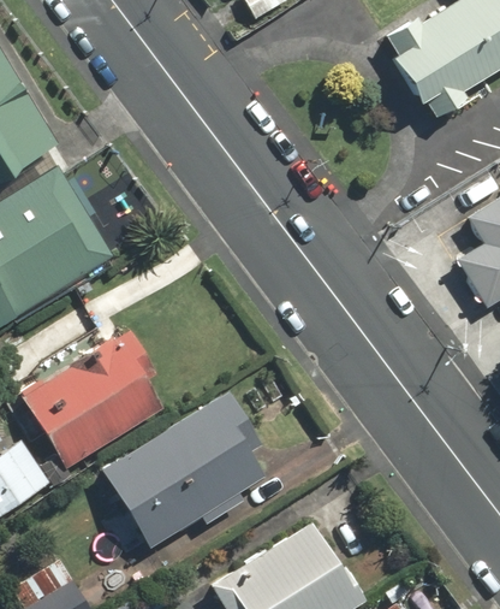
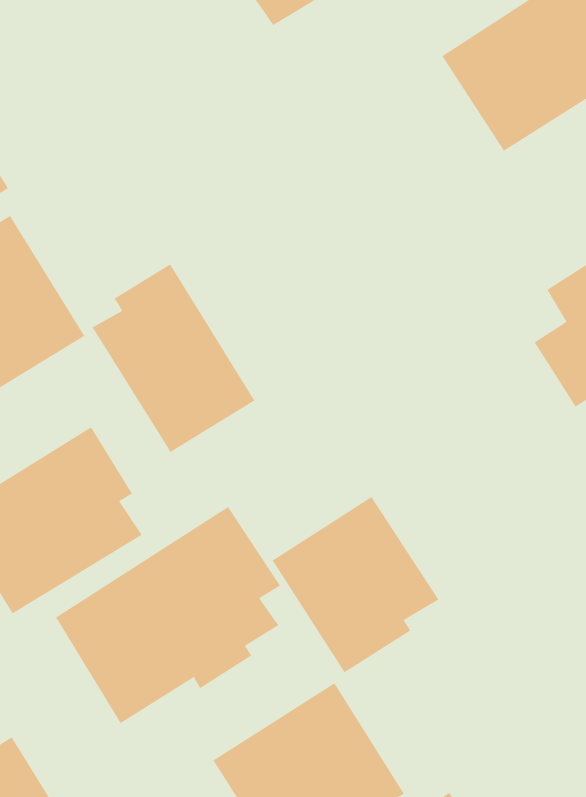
building: none -> [92,263,255,453]
building: none -> [272,496,439,673]

